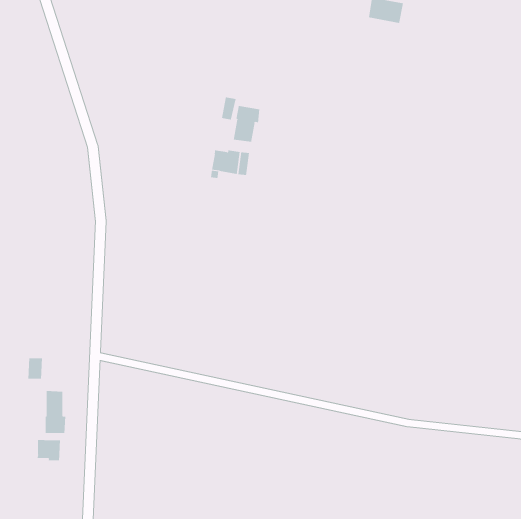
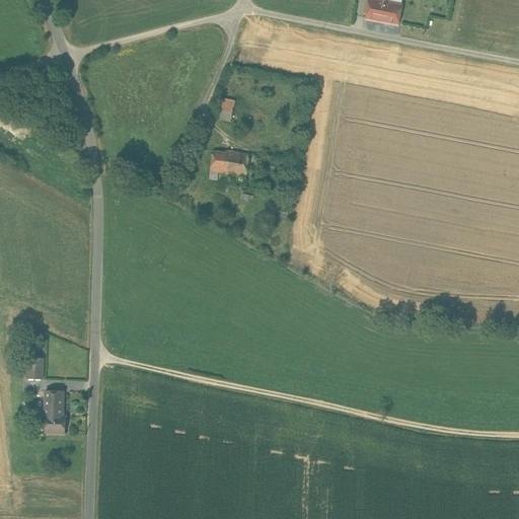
building: [233,105,260,142] -> none
building: [37,439,60,461] -> none

